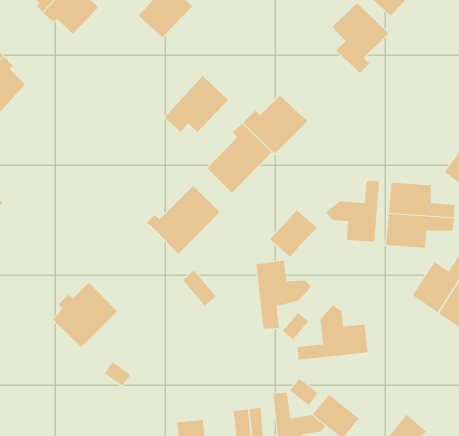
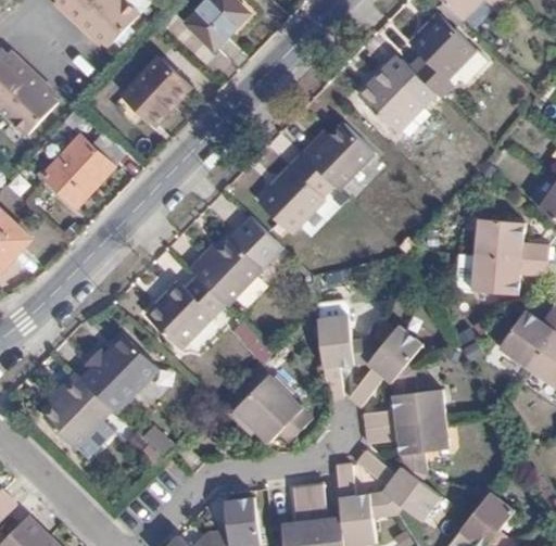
building: none -> [356,58,432,129]
building: [164,75,229,133] -> [111,62,186,128]
building: none -> [37,132,123,212]
building: [325,180,379,242] -> none
building: [269,209,317,258] -> [367,322,422,379]
building: none -> [144,274,225,347]
building: none -> [46,374,116,452]
building: none -> [237,376,315,443]
building: none -> [366,417,451,479]

